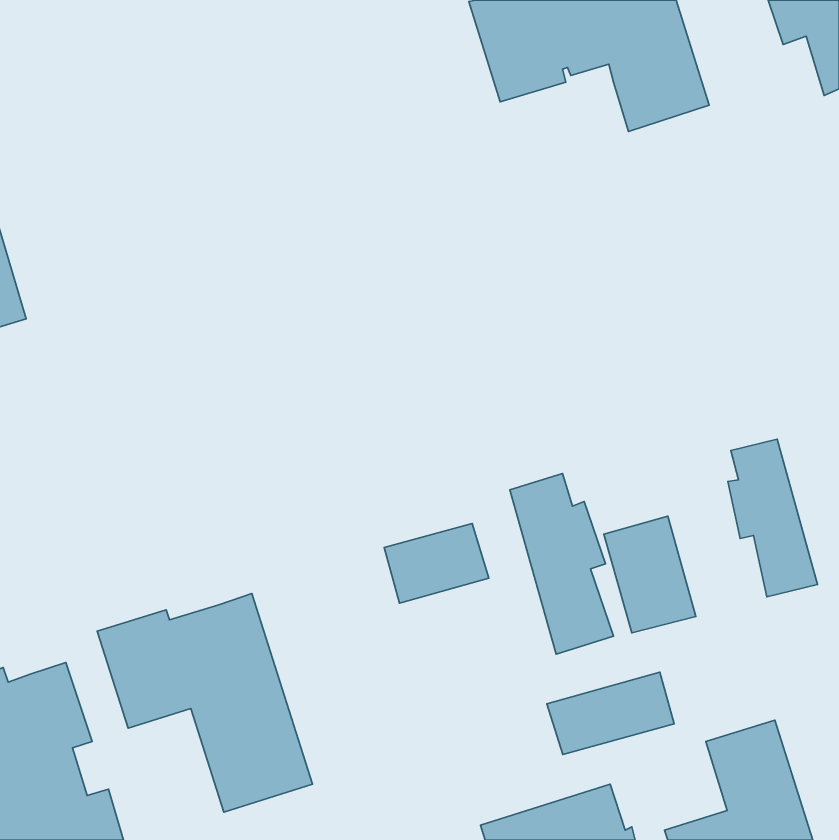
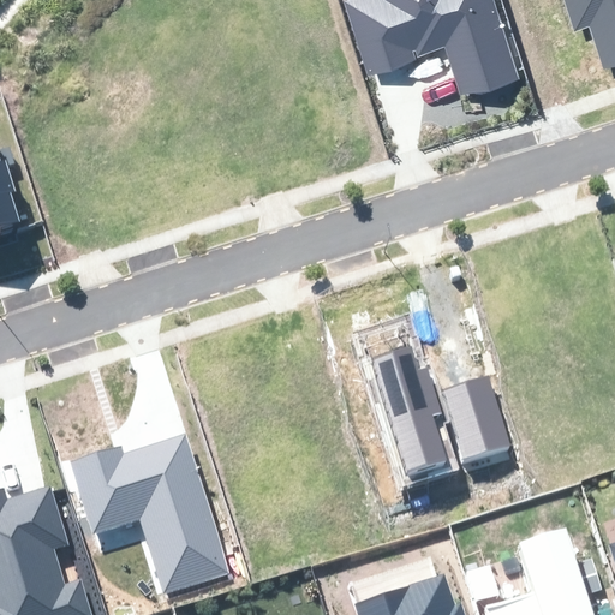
building: [728,439,818,597] -> none
building: [384,523,489,603] -> none
building: [547,672,674,754] -> none

